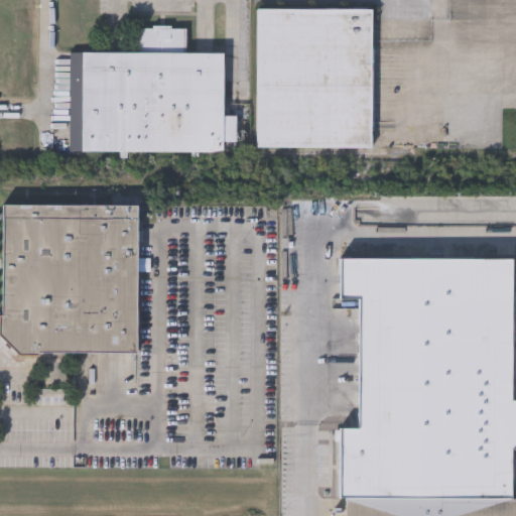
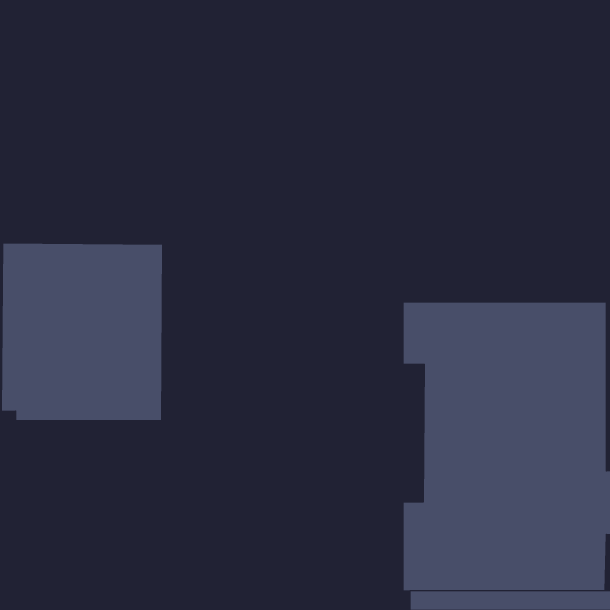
building: [259,9,375,147] -> none
building: [73,28,238,152] -> none

